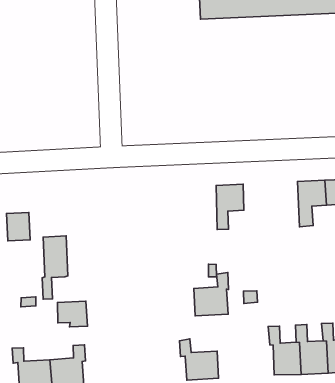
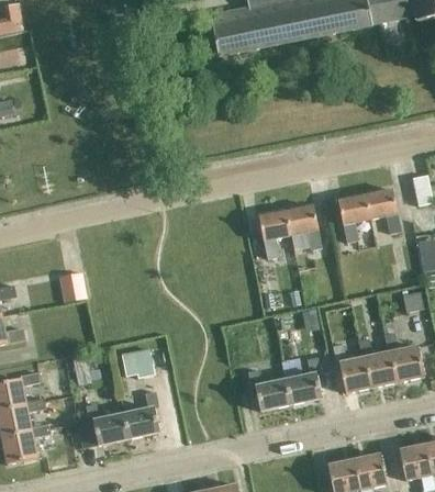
building: none -> [286,205,321,251]
building: [42,236,68,299] -> none
building: [194,273,229,316] -> [285,357,322,404]

